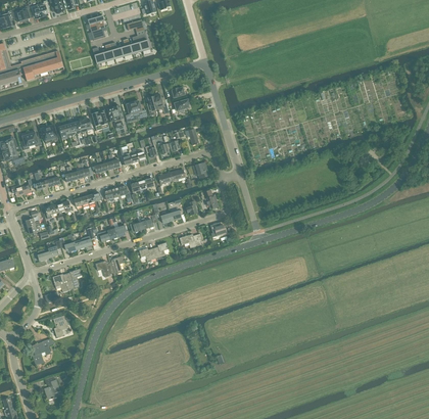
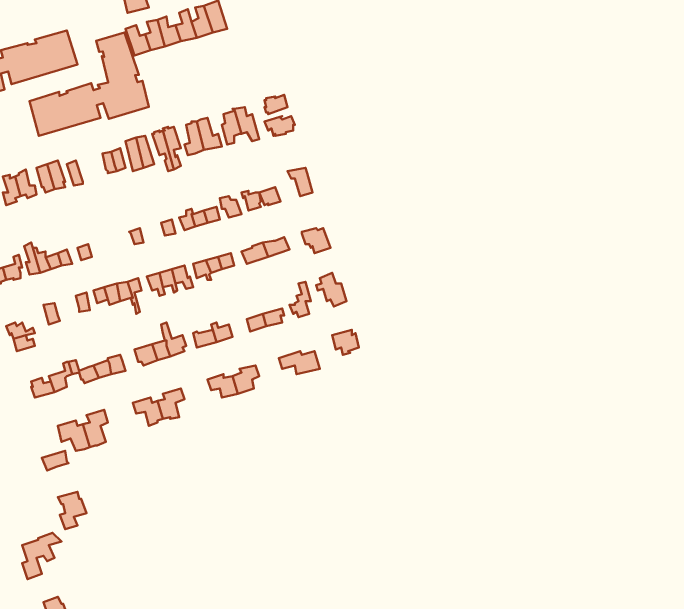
building: none -> [29,32,149,136]

